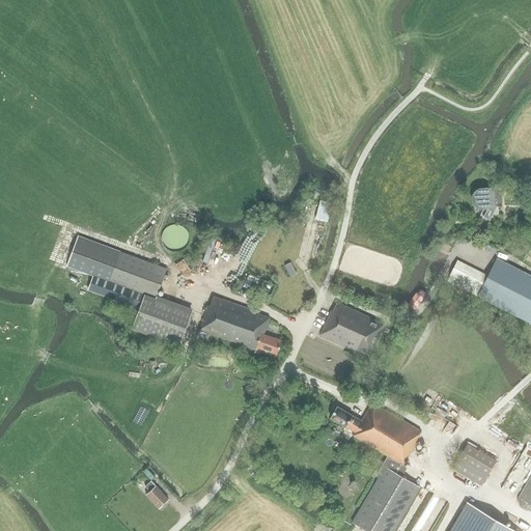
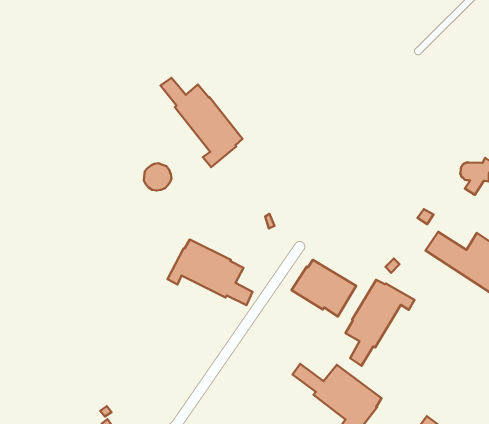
building: none -> [161,78,243,167]
building: [67,235,190,345] -> none
building: none -> [345,280,414,366]

